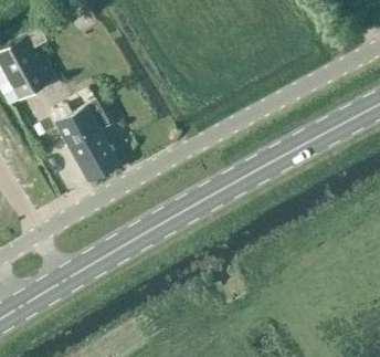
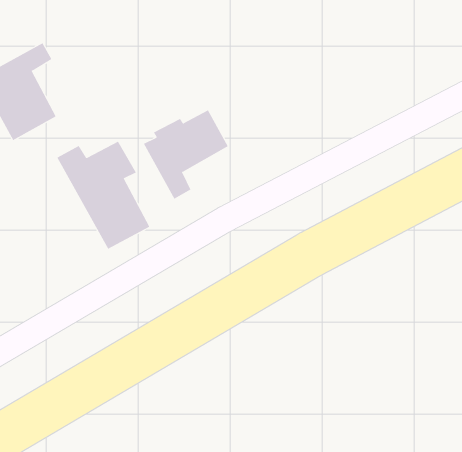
building: none -> [143,109,229,199]

